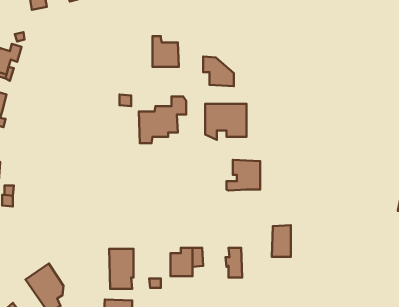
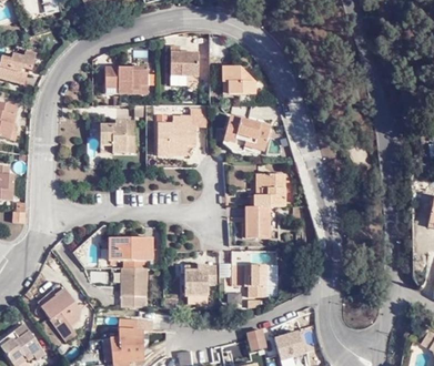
building: none -> [104,65,148,93]
building: none -> [103,120,138,154]
building: none -> [112,233,154,266]
building: [272,225,291,257] -> [249,204,269,237]

